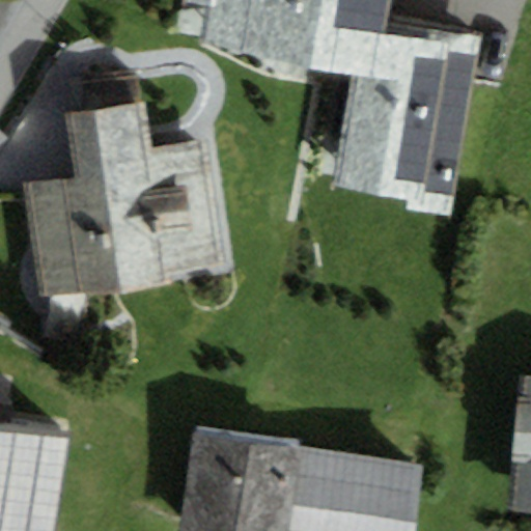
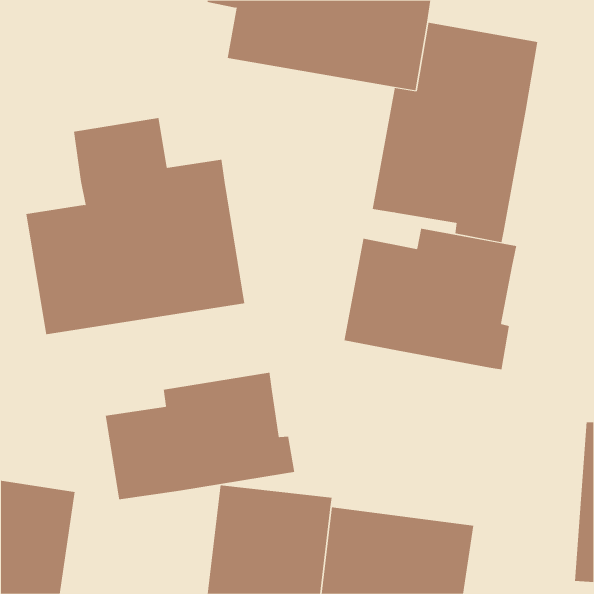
building: none -> [344,228,517,370]
building: none -> [105,372,295,500]

